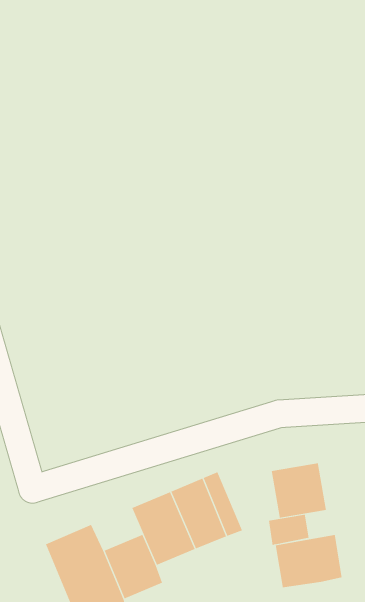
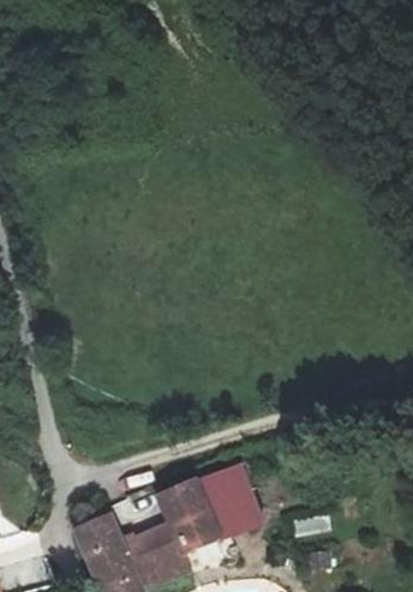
building: [271,463,327,518] -> none
building: [275,534,342,588] -> none

